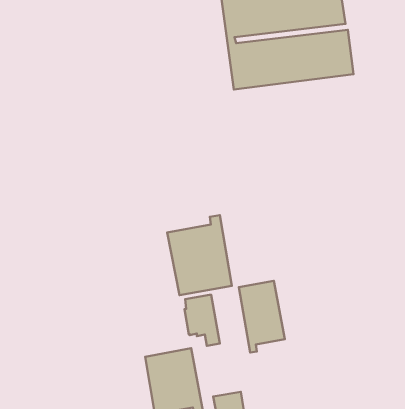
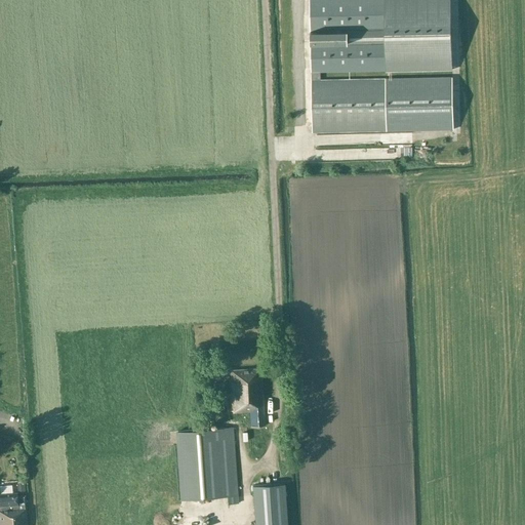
building: [167,215,232,295] -> none
building: [239,281,285,353] -> none

